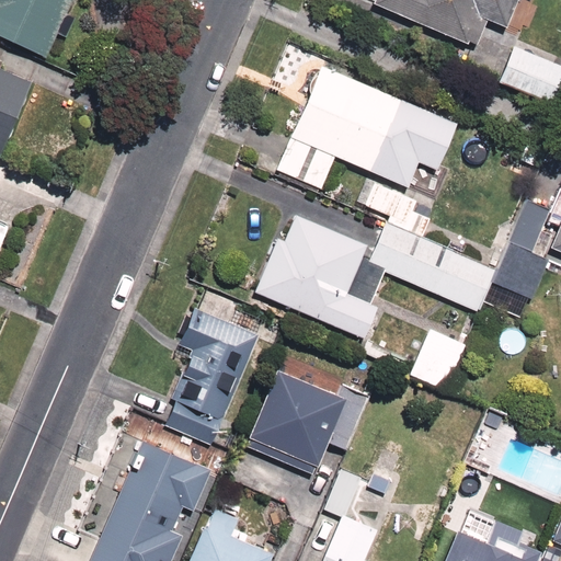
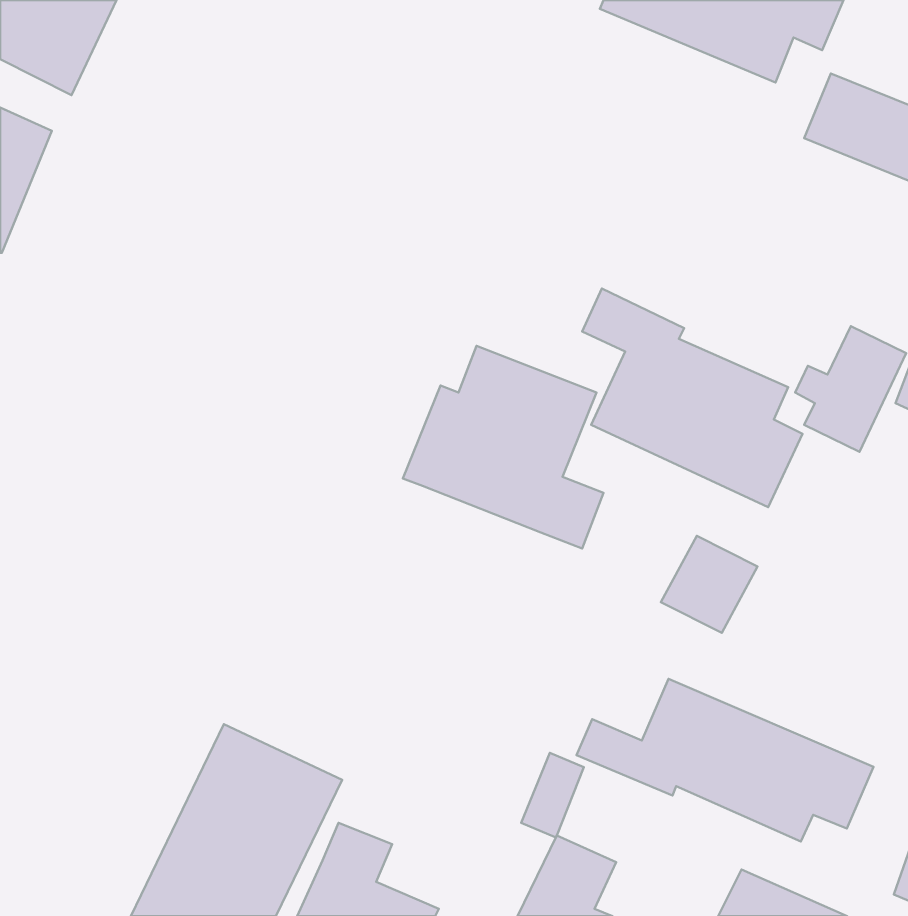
building: [275,59,461,190] -> none
building: [159,309,259,445] -> none
building: [244,369,364,472] -> none
building: none -> [576,679,873,842]

